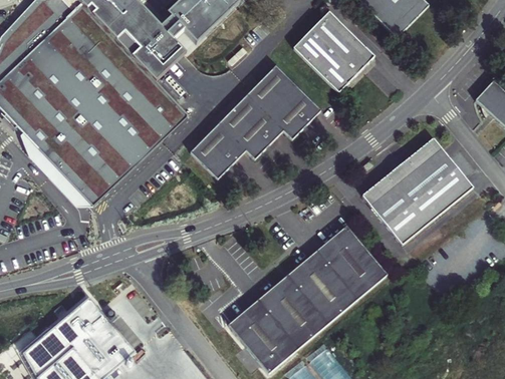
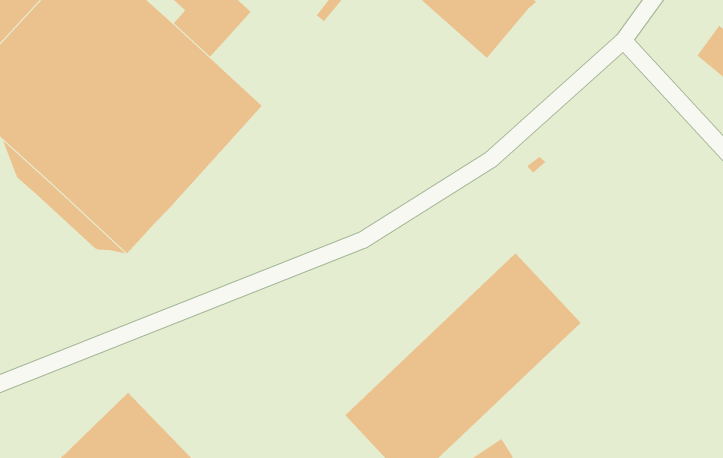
building: [190,64,319,175] -> none
building: [362,136,474,244] -> none

